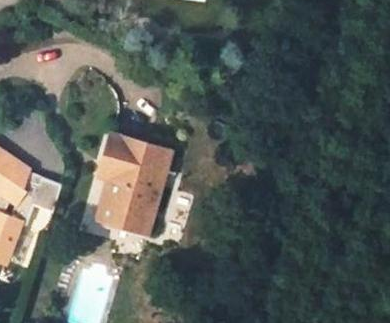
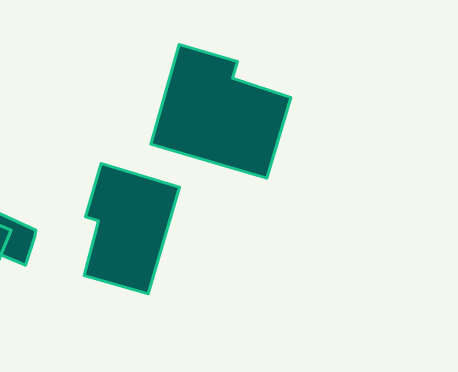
building: none -> [151,45,291,178]

